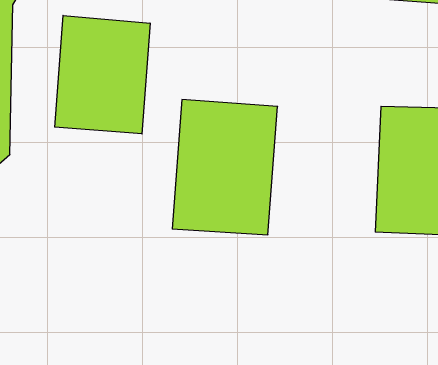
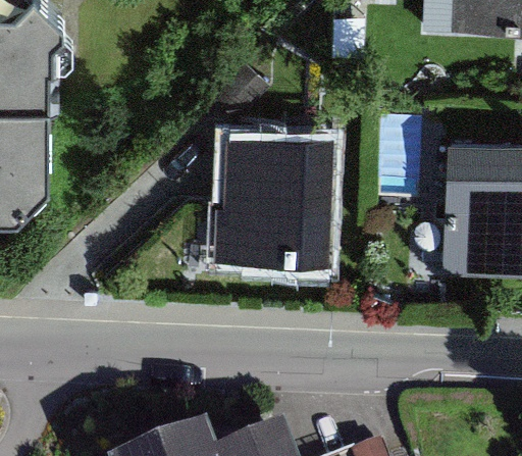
building: [55,15,150,134] -> none

